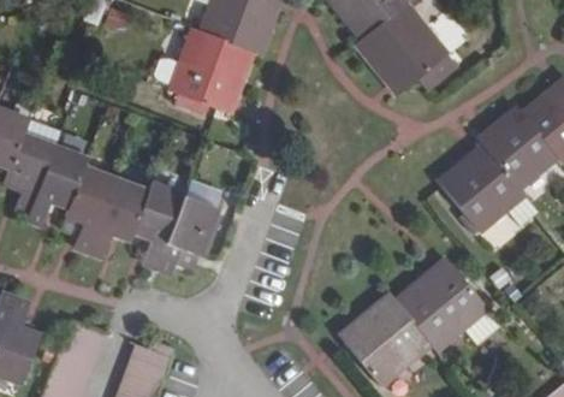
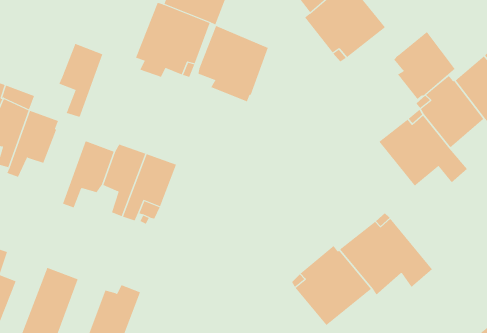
building: none -> [198,25,268,102]
building: none -> [394,31,456,100]
building: [66,167,115,249] -> [58,43,103,117]

